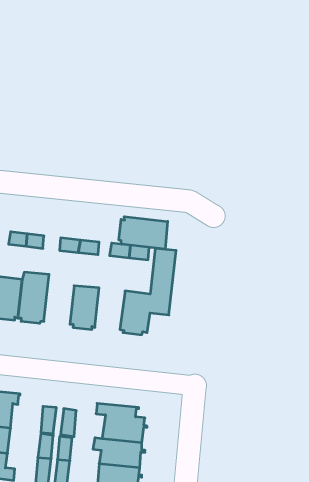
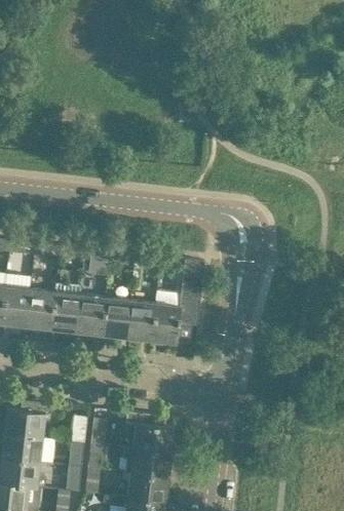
building: [119,217,168,249] -> none
building: none -> [75,293,105,337]
building: none -> [125,299,155,342]

